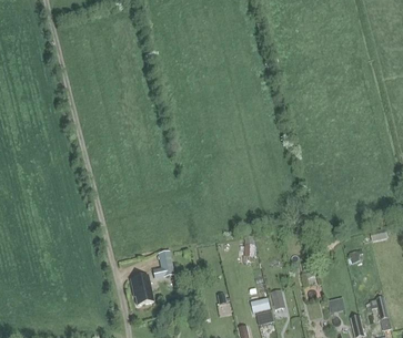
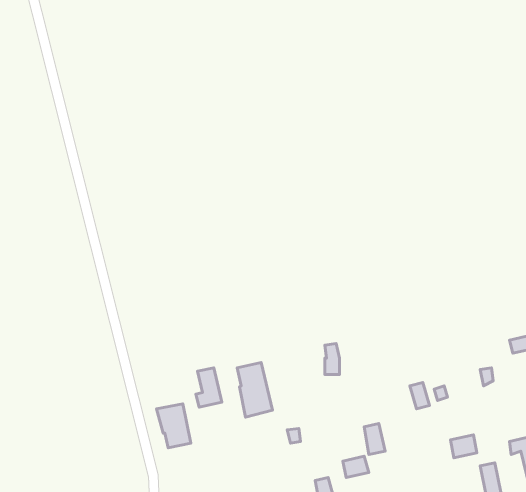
building: none -> [237,362,272,417]

